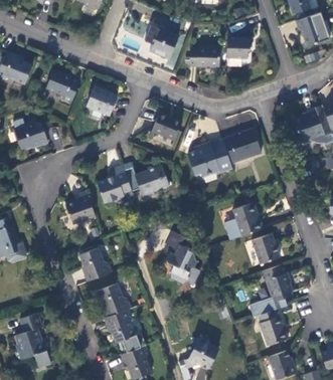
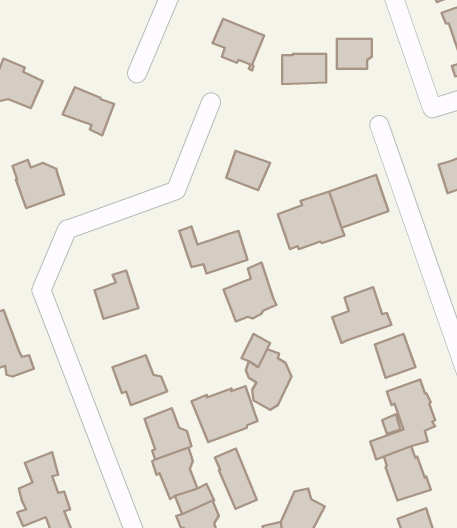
building: [87,87,118,116] -> none
building: [98,166,133,205] -> [224,262,277,321]
building: none -> [191,386,257,442]
building: none -> [215,448,257,509]

